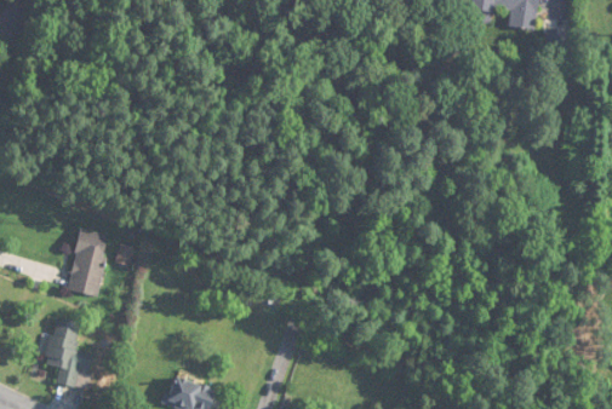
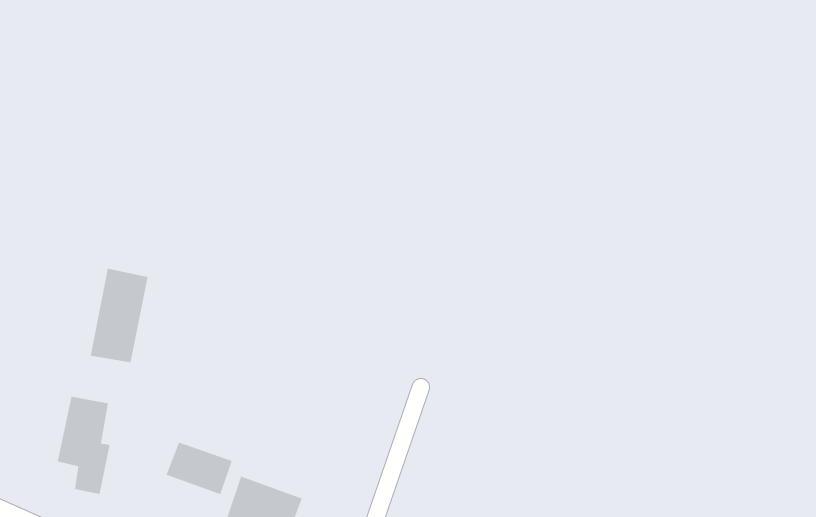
building: none -> [165,441,233,495]

